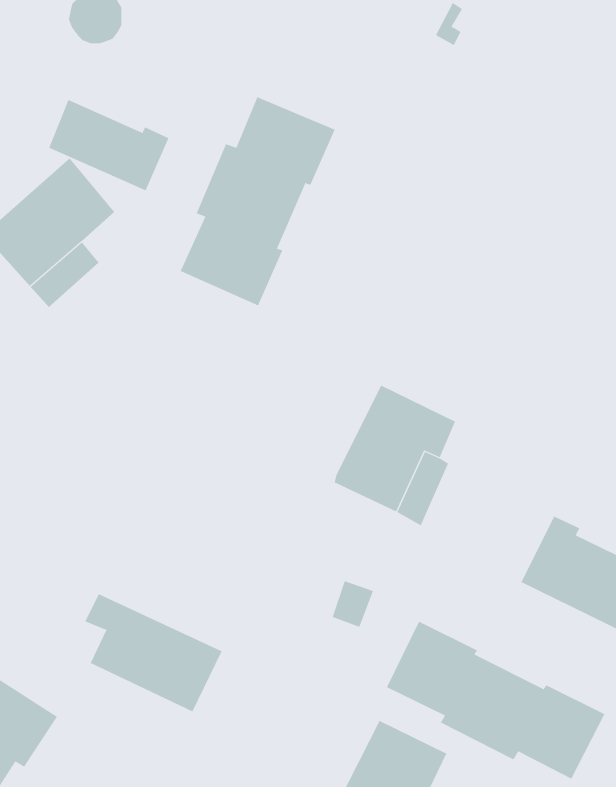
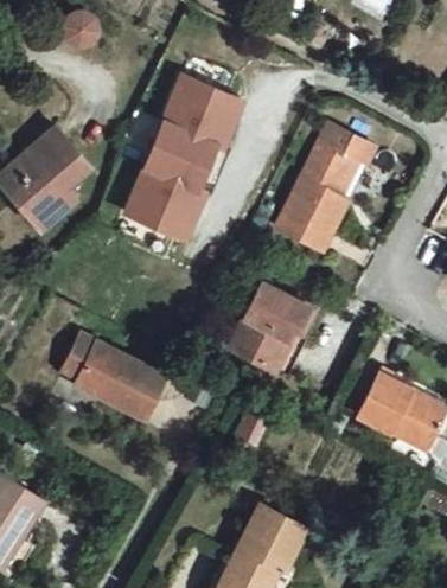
building: [49,99,169,191] -> none
building: none -> [273,120,372,247]
building: [85,593,223,712] -> [72,338,166,418]
building: [386,621,605,779] -> none

